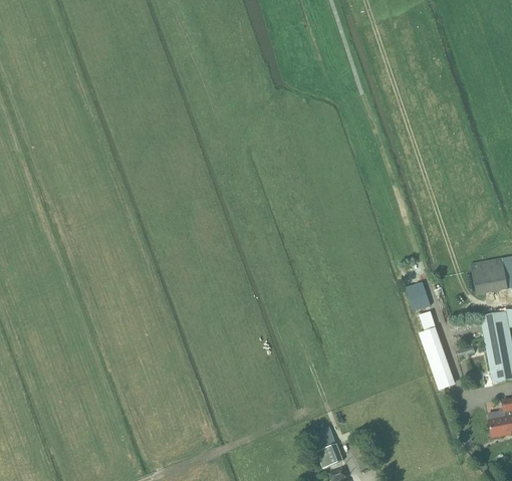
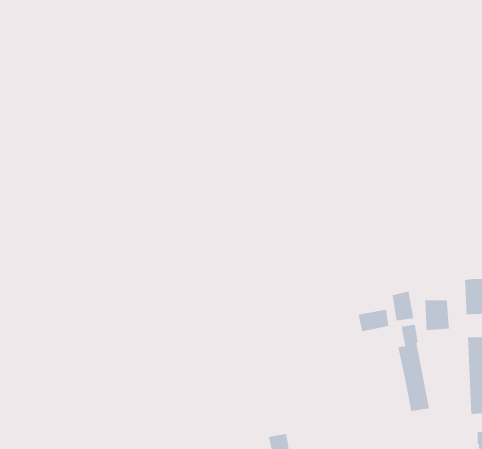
building: none -> [425,299,449,331]
building: none -> [358,309,389,332]

